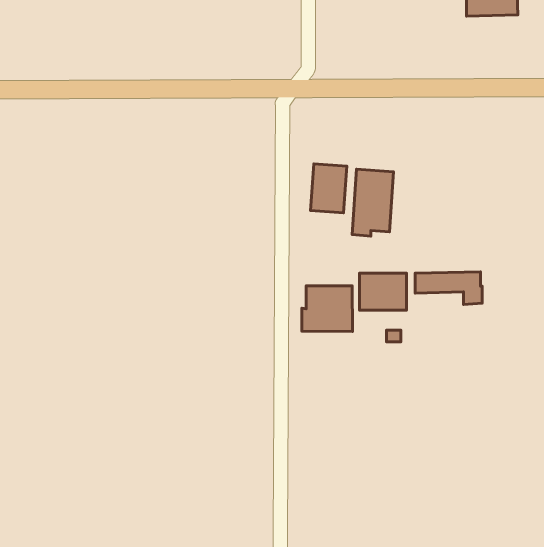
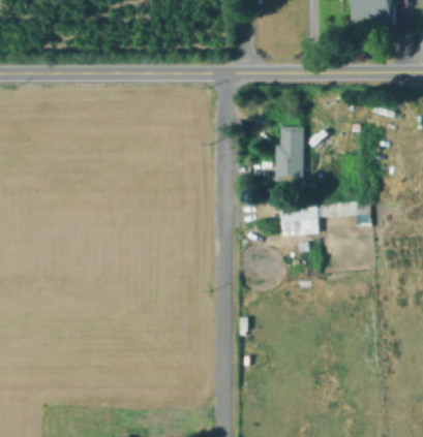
building: [310,164,347,213] -> none
building: [302,286,352,332] -> none

